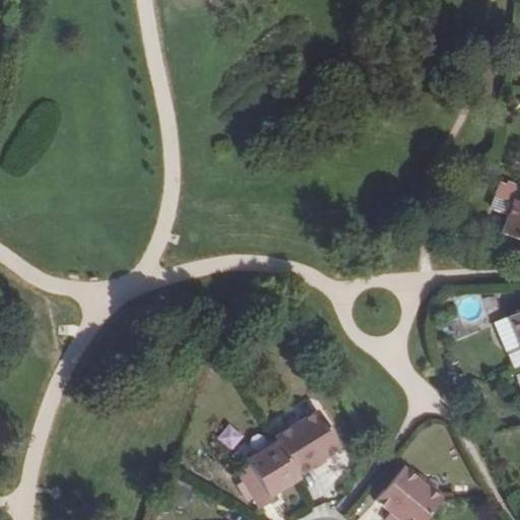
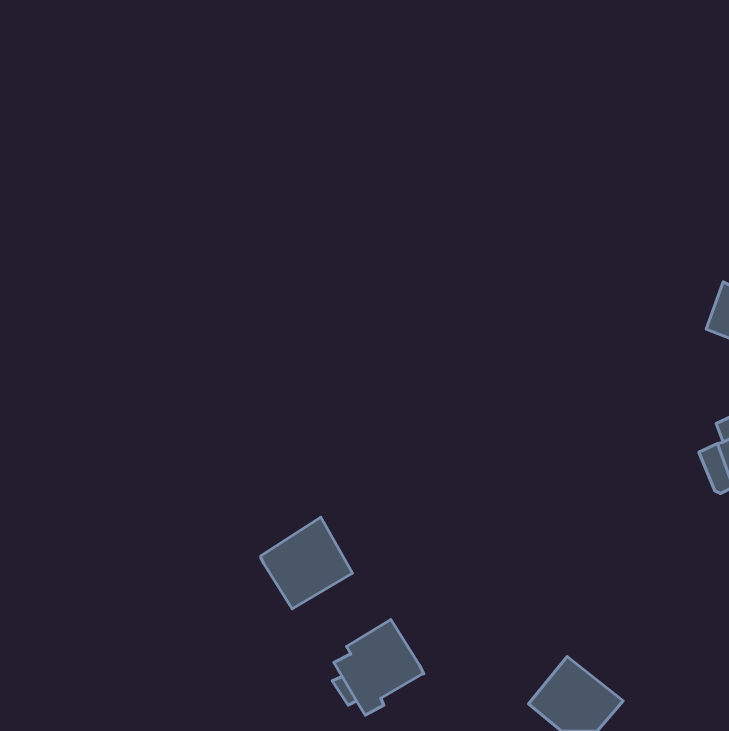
building: [277,407,342,472] -> [261,517,352,609]

